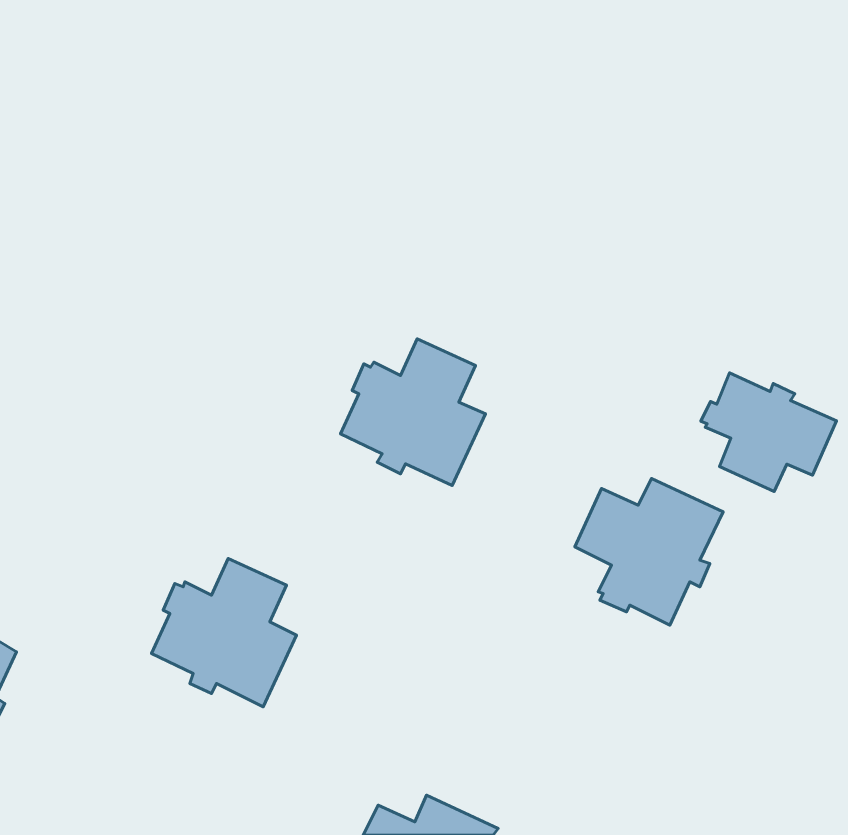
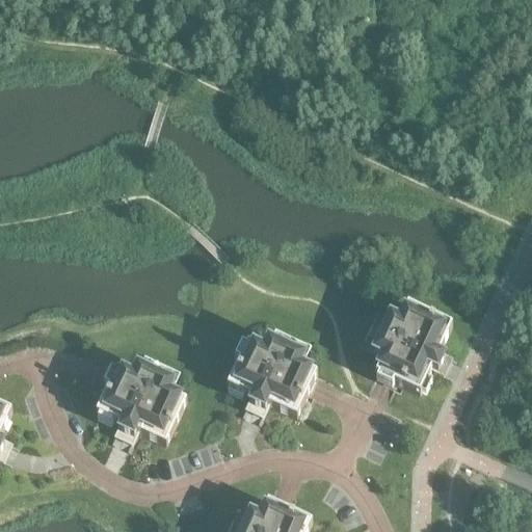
building: [341,339,486,486] -> [225,321,316,413]
building: [701,373,837,492] -> none

